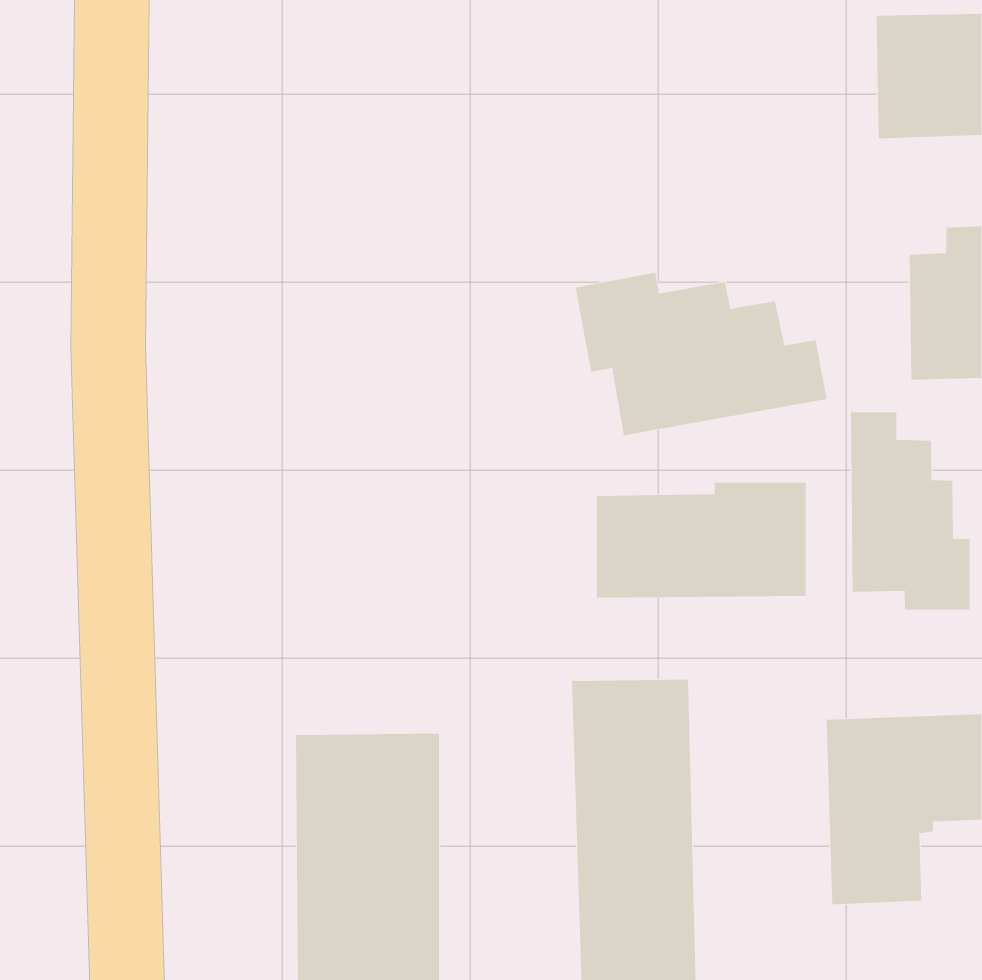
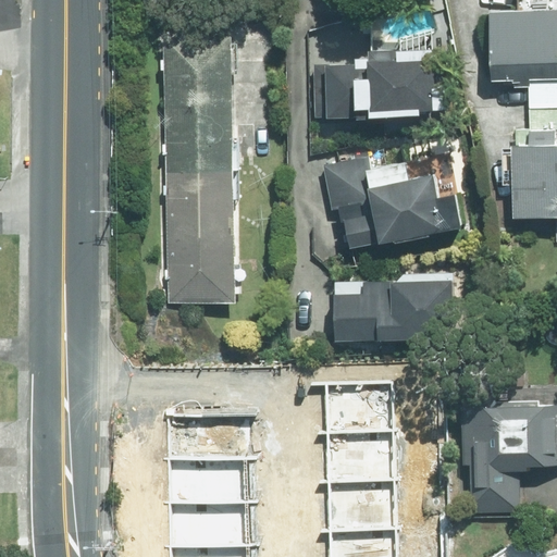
building: none -> [164,36,239,305]
building: none -> [312,48,441,119]
building: [851,411,970,610] -> none

